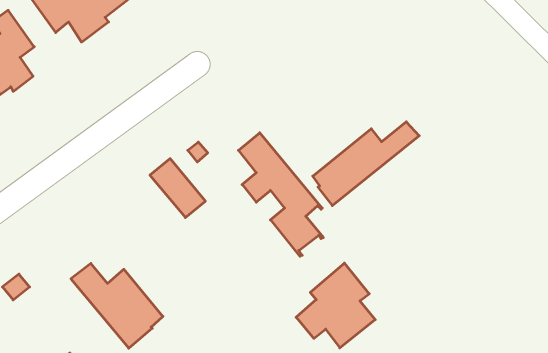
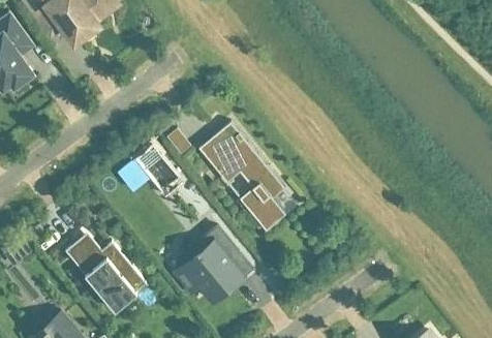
building: [313,122,419,206] -> none
building: [296,263,375,348] -> [175,226,244,301]

